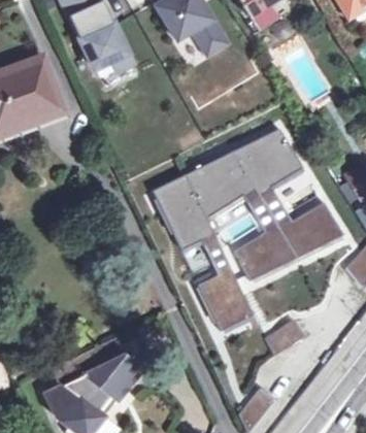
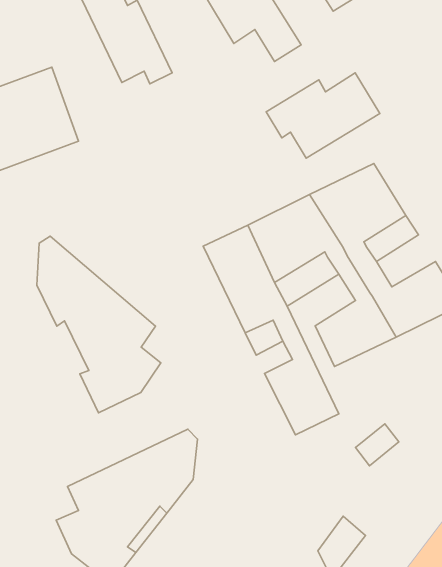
building: none -> [266,73,380,158]
building: none -> [37,236,161,413]

